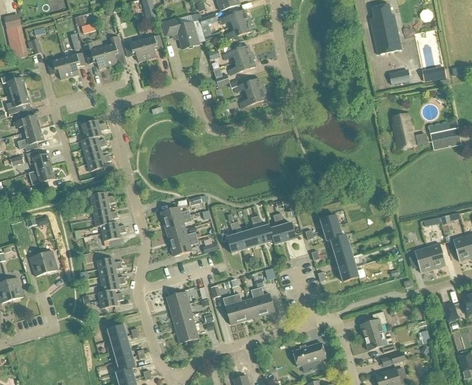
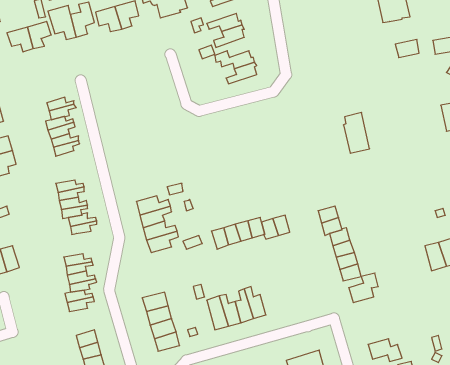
building: [391,112,414,148] -> [343,112,370,153]
building: [360,311,386,337] -> [349,273,378,303]

